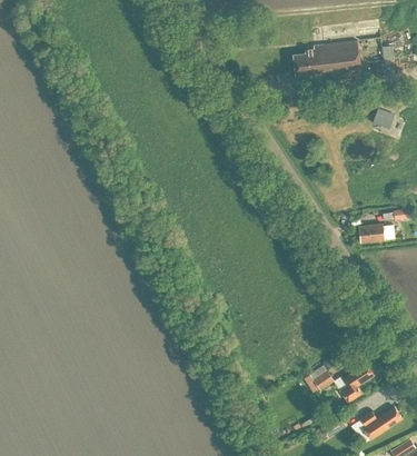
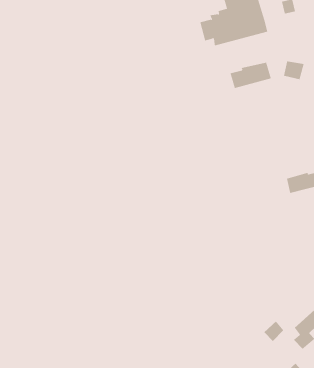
building: none -> [230,62,272,89]

